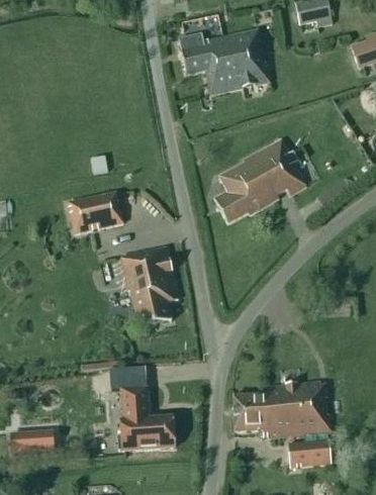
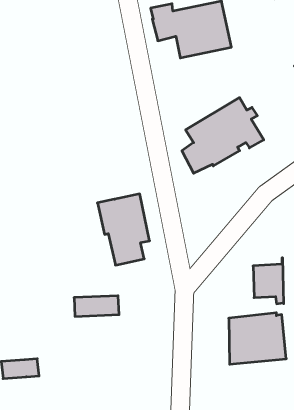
building: [68,190,123,232] -> none
building: [233,385,268,436] -> [253,258,284,304]
building: [118,386,175,450] -> none
building: [288,437,332,467] -> none

